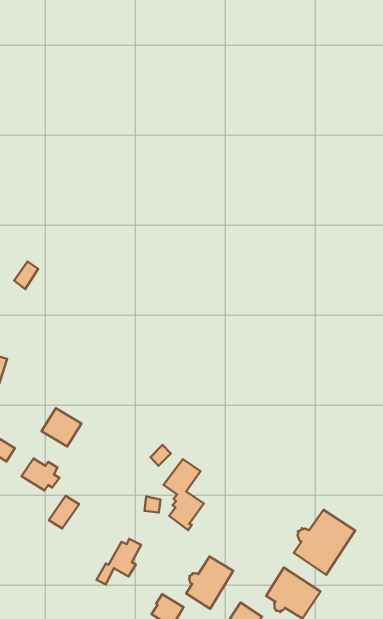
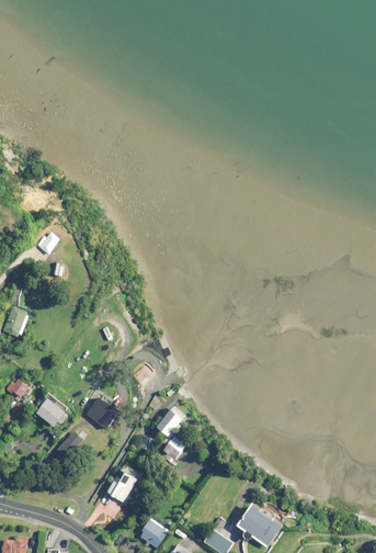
building: [42,408,81,447] -> [84,397,118,430]
building: [294,510,355,575] -> none
building: [186,557,233,609] -> none

